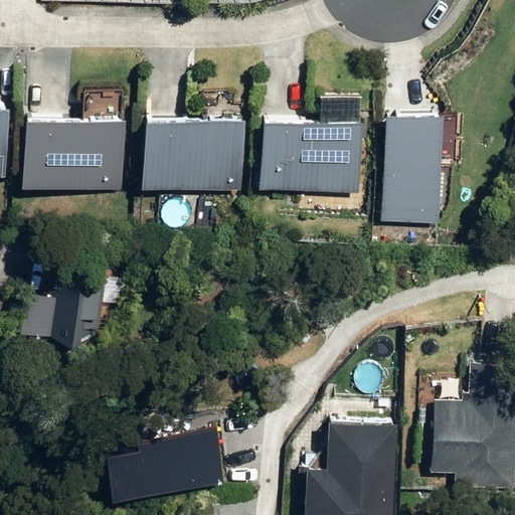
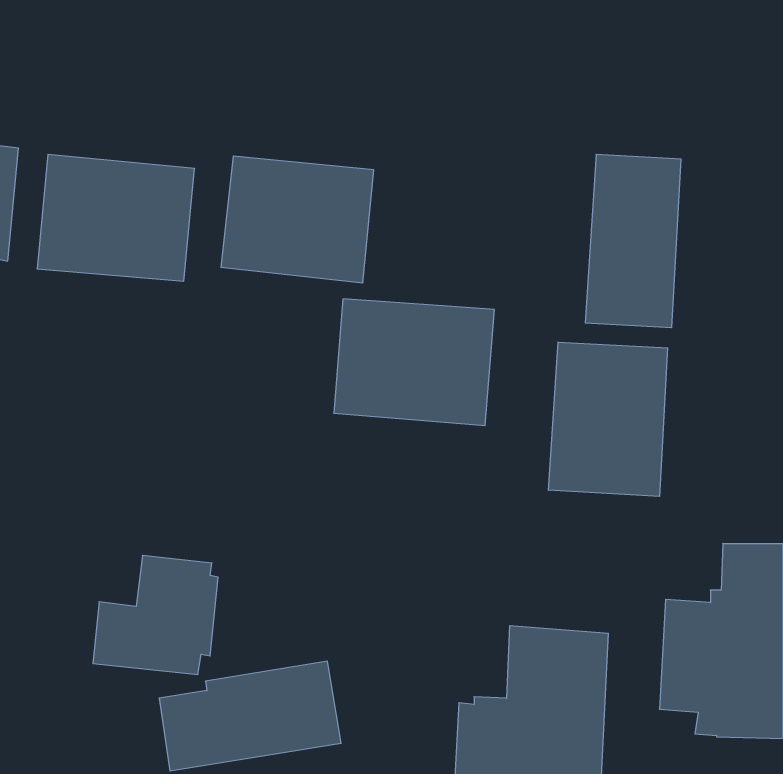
building: [261,114,365,196] -> [334,299,494,426]
building: none -> [548,342,668,496]
building: [15,270,97,347] -> [93,555,218,674]

